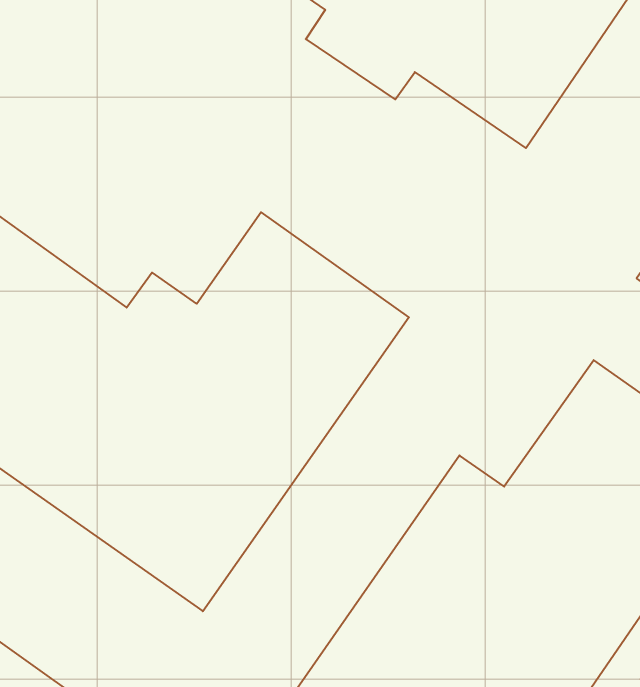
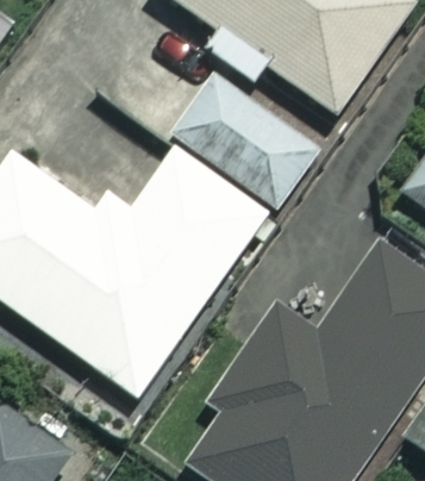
building: none -> [171,74,321,207]

